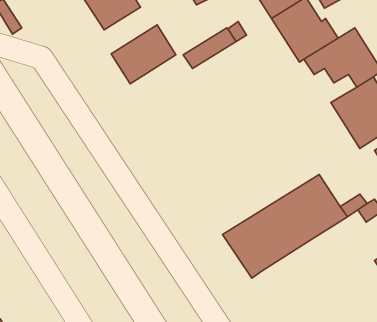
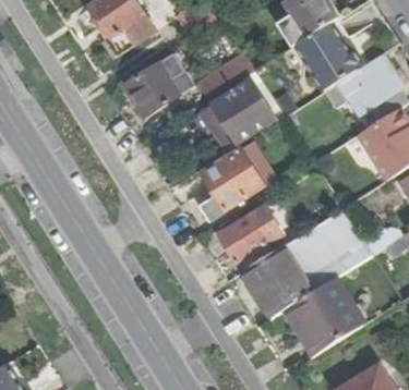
building: none -> [214,81,275,143]
building: none -> [201,148,262,218]
building: none -> [218,205,281,263]
building: none -> [282,277,363,355]

